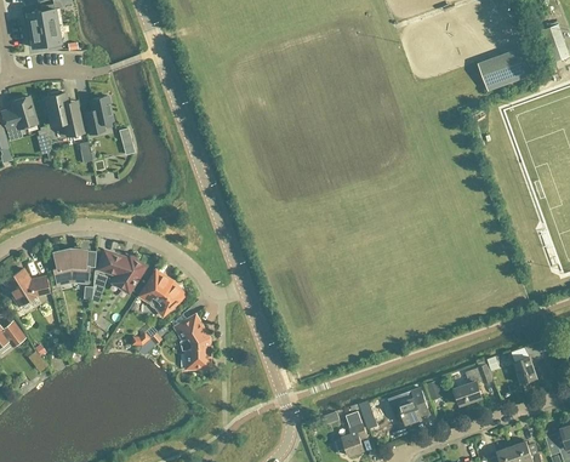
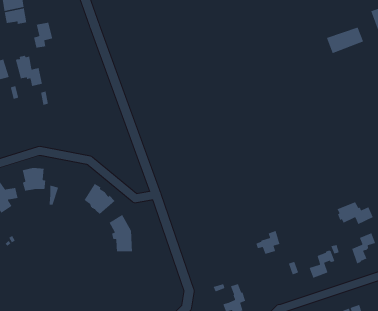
building: [85,96,113,133] -> [33,22,53,48]
building: [98,251,144,289] -> none
building: none -> [337,201,374,225]
building: [392,388,427,423] -> [255,230,280,255]

